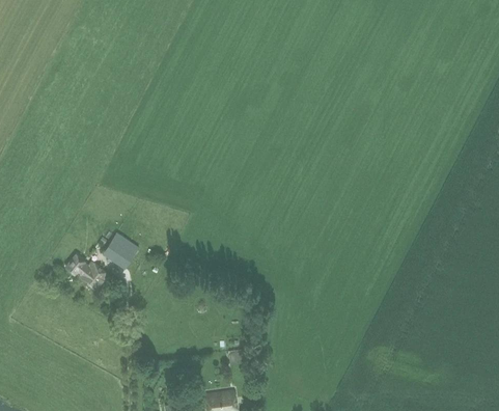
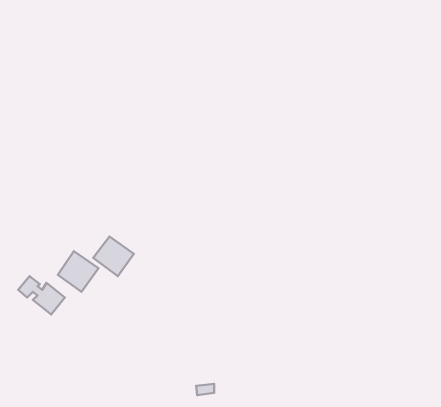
building: none -> [93,236,134,276]

